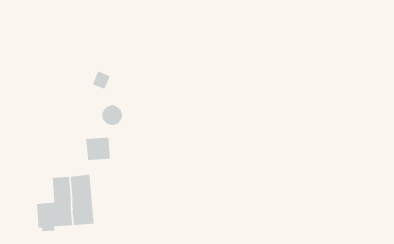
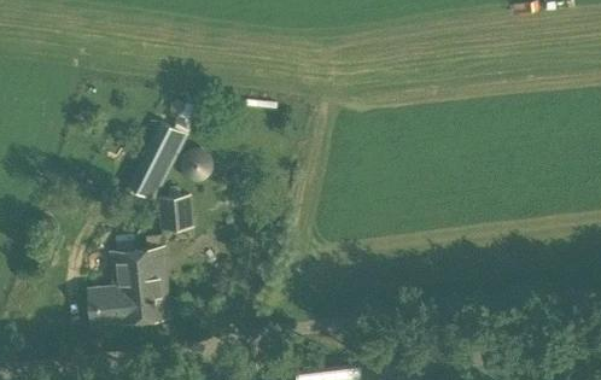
building: none -> [127,122,187,201]

